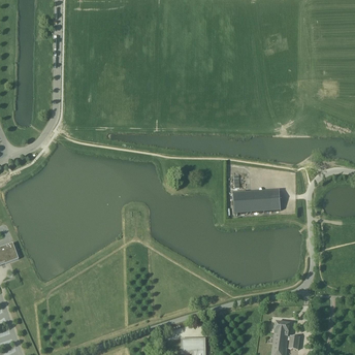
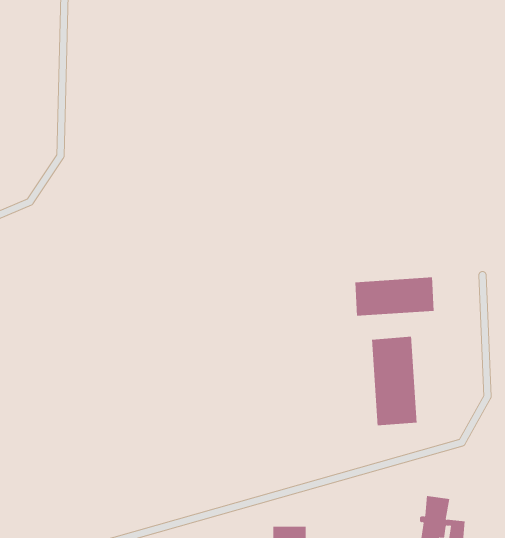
building: none -> [372,336,417,426]

